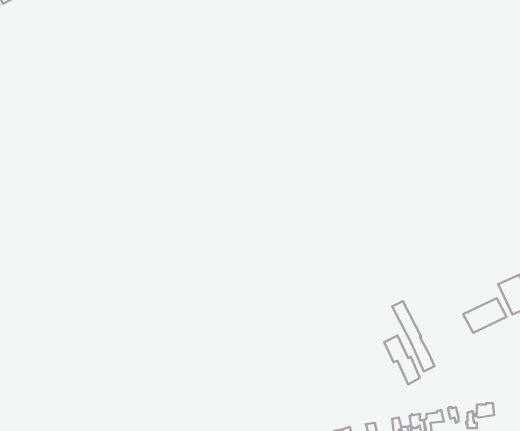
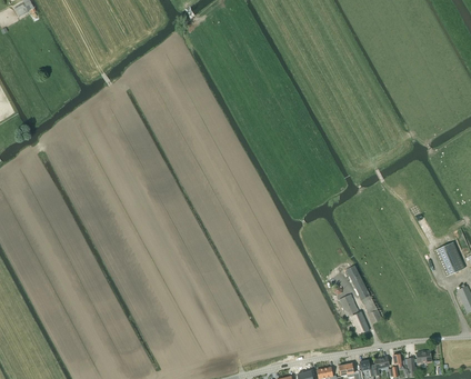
building: [463,298,507,333] -> none

